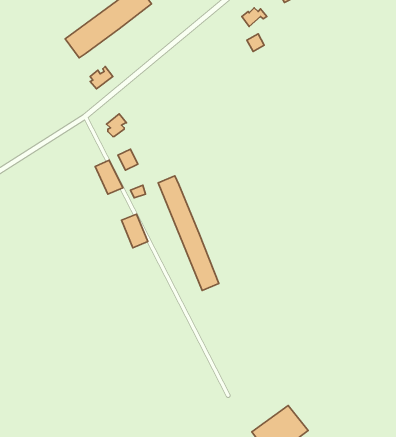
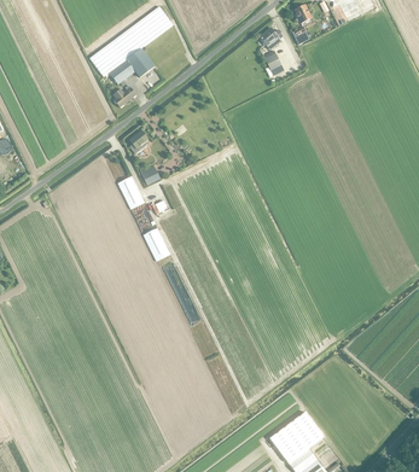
building: none -> [109,48,155,85]
building: [158,176,219,291] -> none

